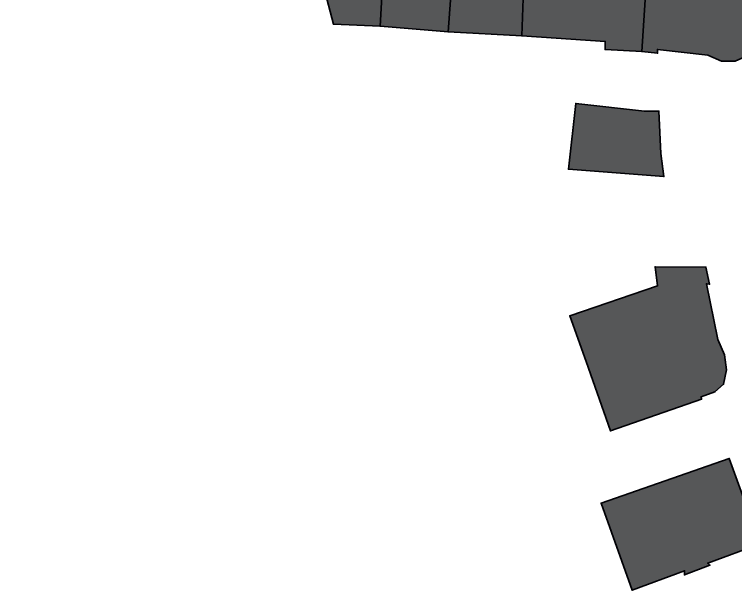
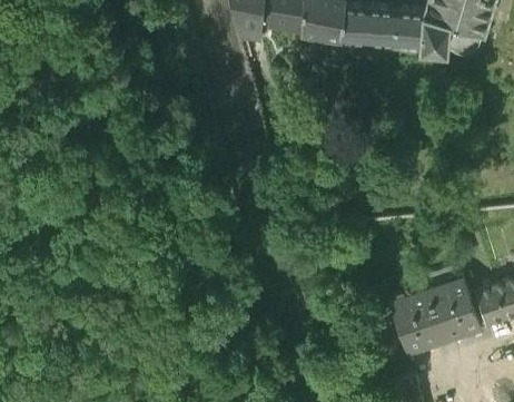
building: [569,104,664,177] -> none
building: [570,267,726,431] -> none

